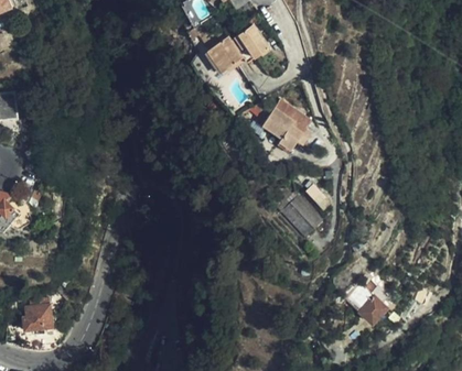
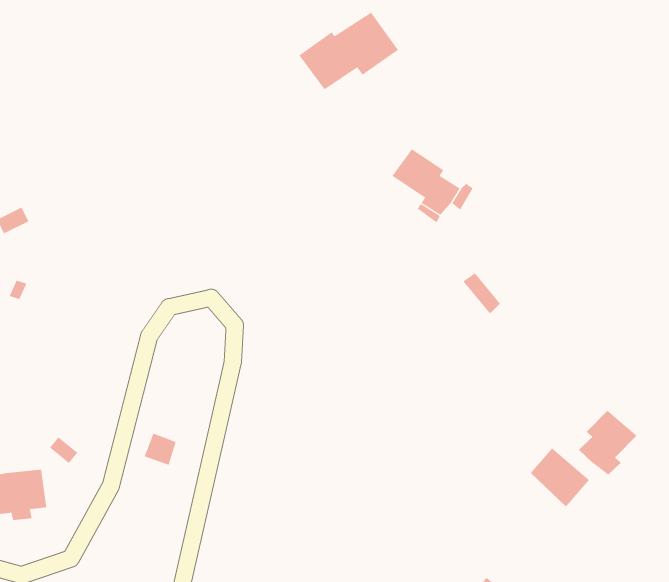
building: [280,194,323,236] -> none
building: none -> [578,410,637,476]

